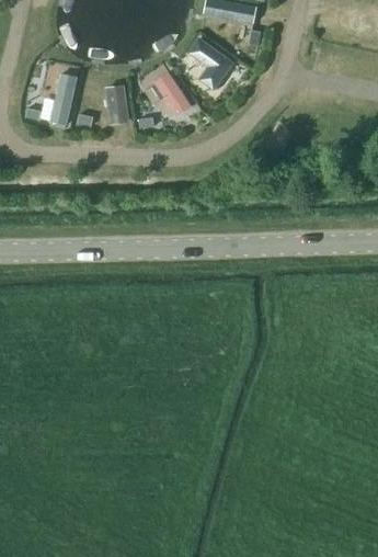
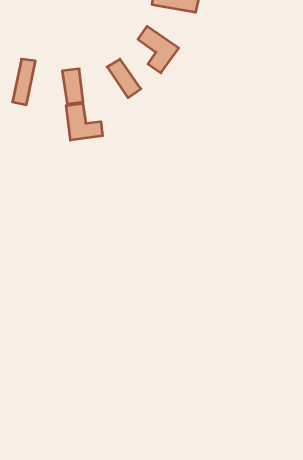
building: none -> [66,103,103,140]

